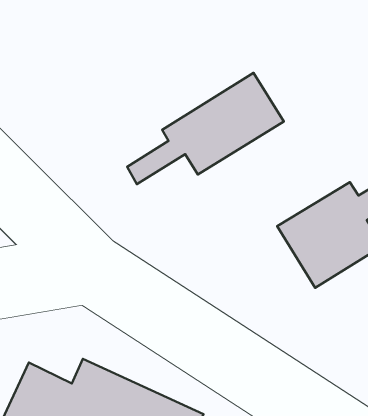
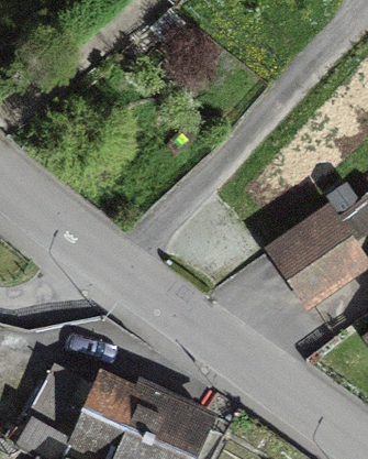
building: [127,73,284,184] -> none

